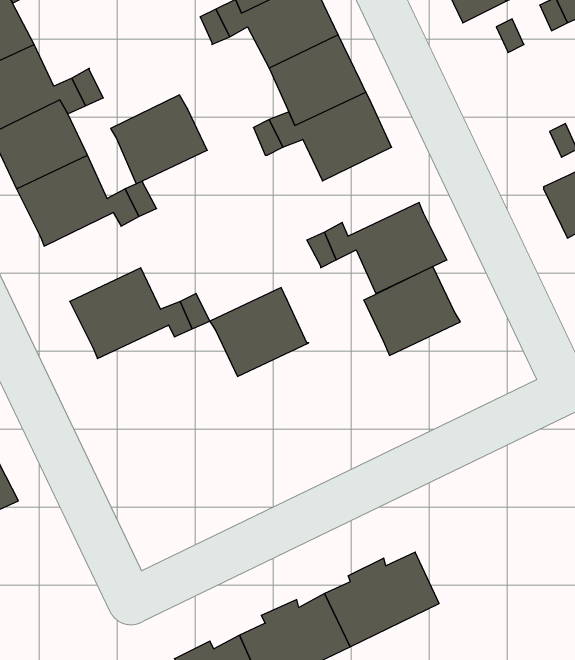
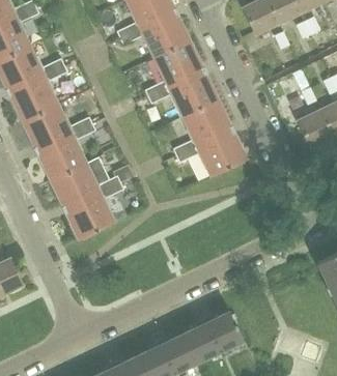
building: [111,95,207,184] -> [35,134,86,180]
building: [364,267,460,355] -> [181,99,232,146]
building: [210,288,309,376] -> [63,193,115,239]

